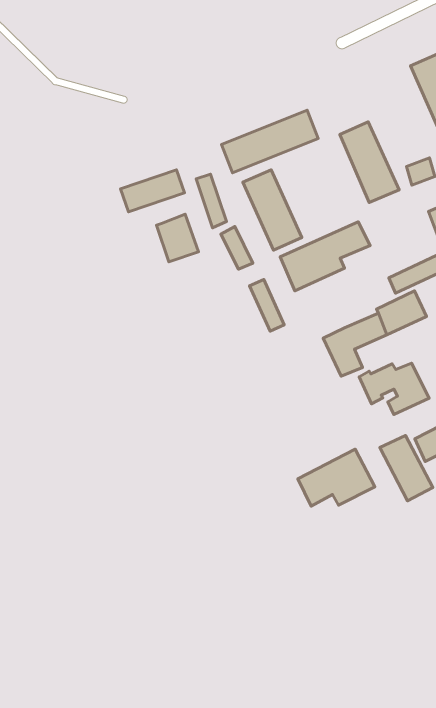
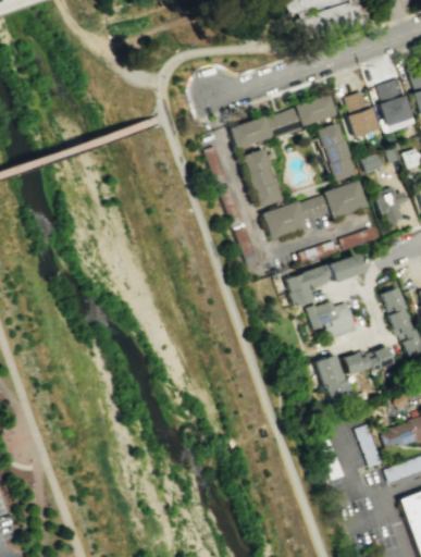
building: none -> [344,90,377,137]
building: none -> [294,94,336,127]
building: [120,170,185,212] -> none
building: none -> [322,180,368,219]
building: [157,214,199,262] -> none
building: [298,449,375,506] -> none

